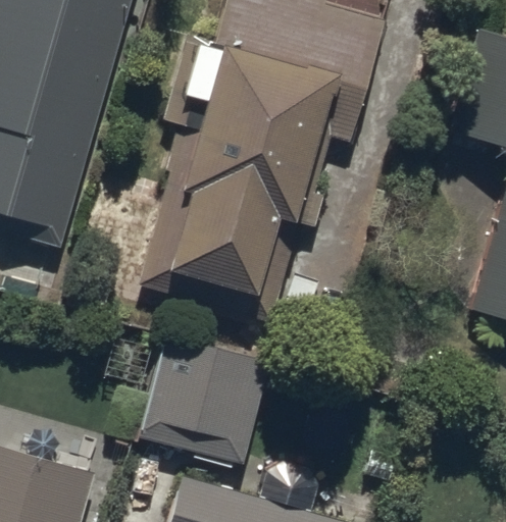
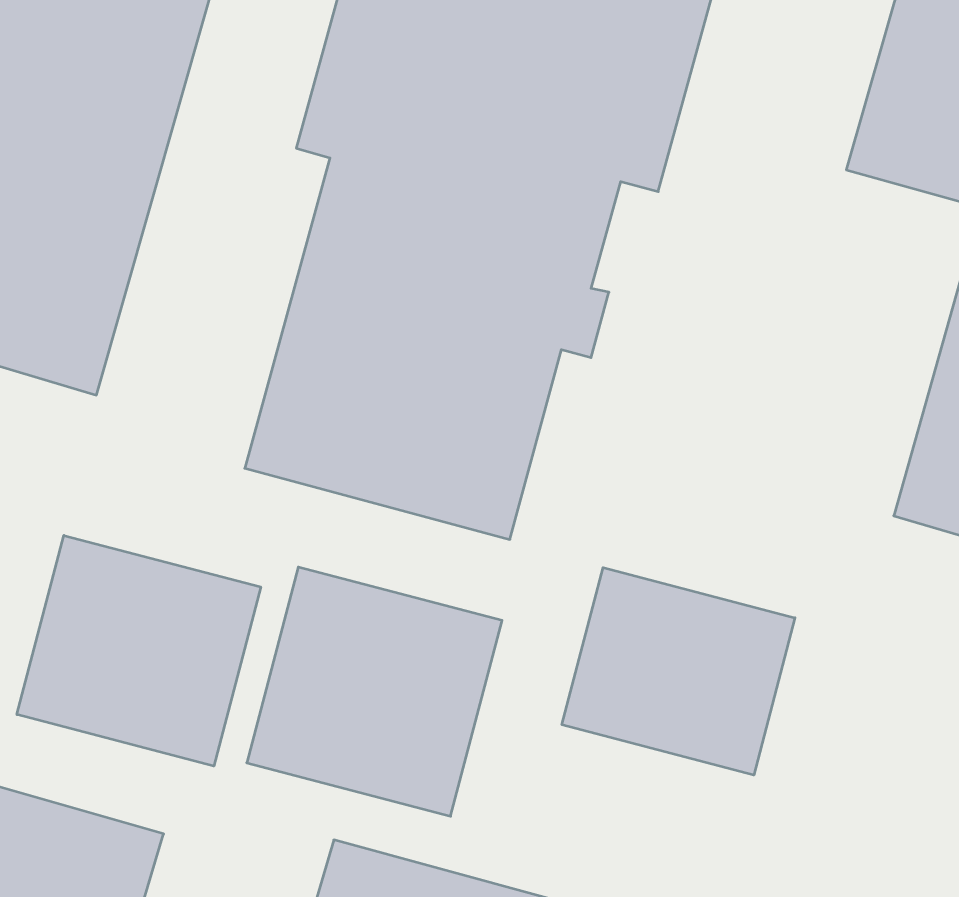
building: none -> [17,535,261,766]
building: none -> [562,568,795,775]

